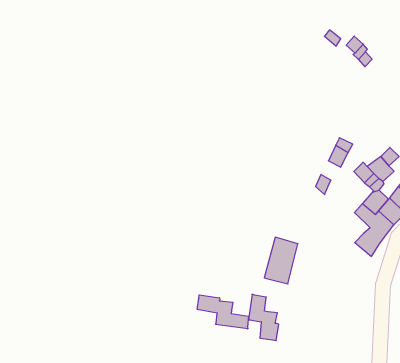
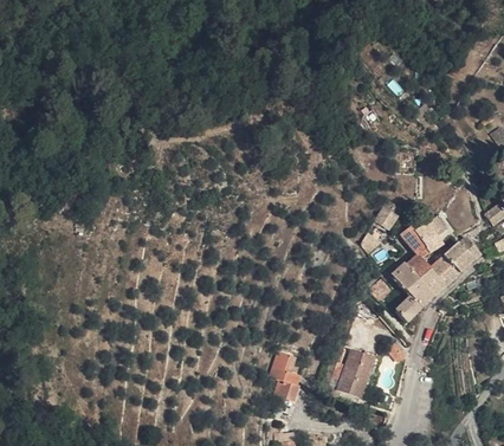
building: [264,237,298,284] -> [337,347,376,396]
building: [197,295,249,329] -> none

